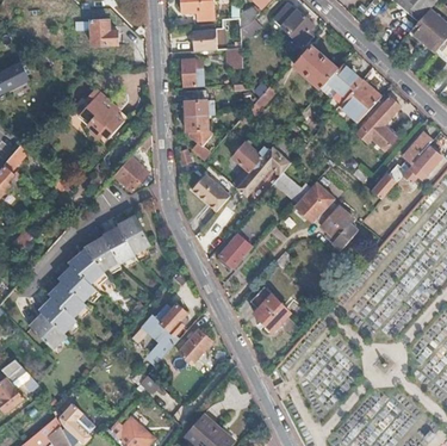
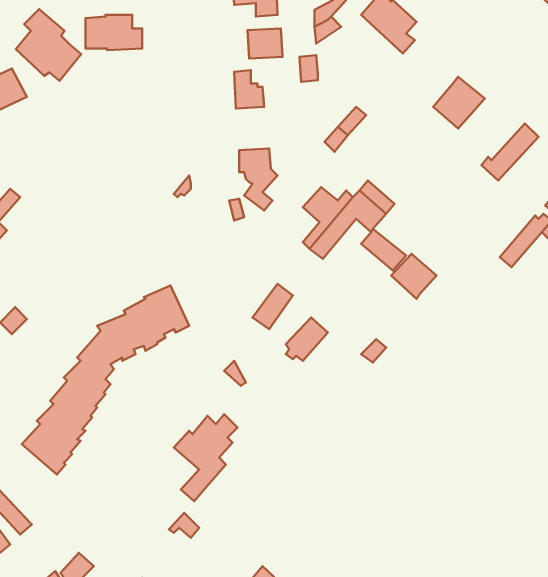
building: [294,47,337,88] -> none
building: [339,79,380,122] -> none
building: [79,87,125,138] -> [16,9,81,81]
building: [184,91,215,116] -> none
building: [114,156,148,190] -> none
building: [191,173,229,210] -> none
building: [315,205,358,248] -> none
building: [248,285,290,330] -> none
building: [176,330,209,364] -> none

